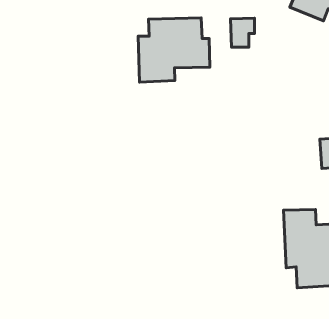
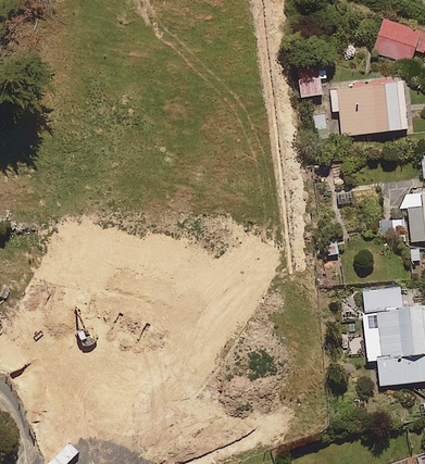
building: [138,18,210,82] -> none
building: none -> [332,81,408,134]

